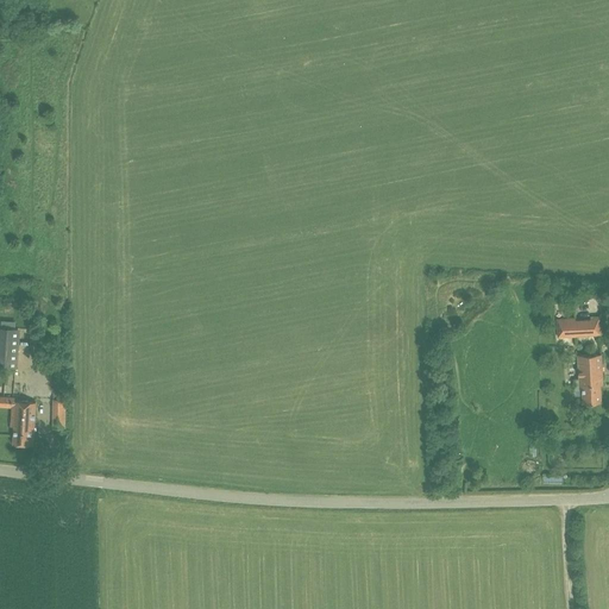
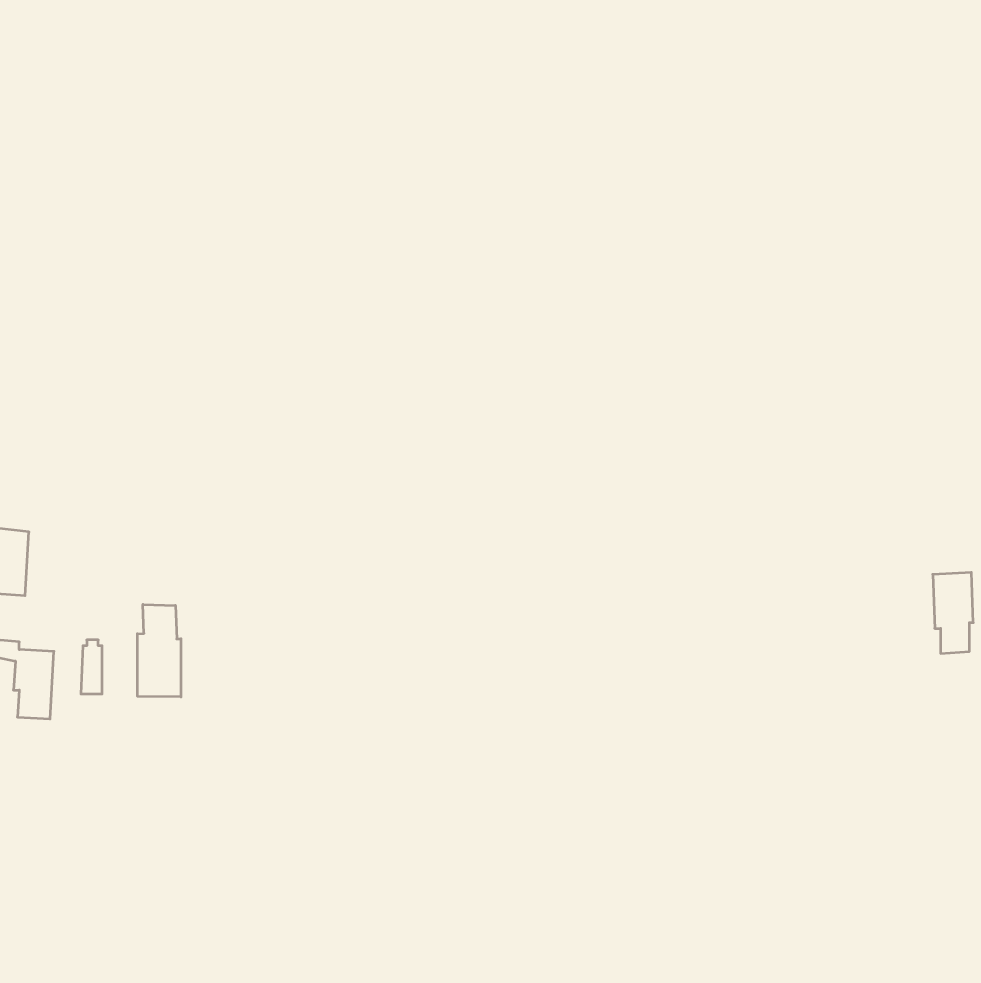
building: [554,316,598,338] -> none
building: none -> [137,604,181,697]

